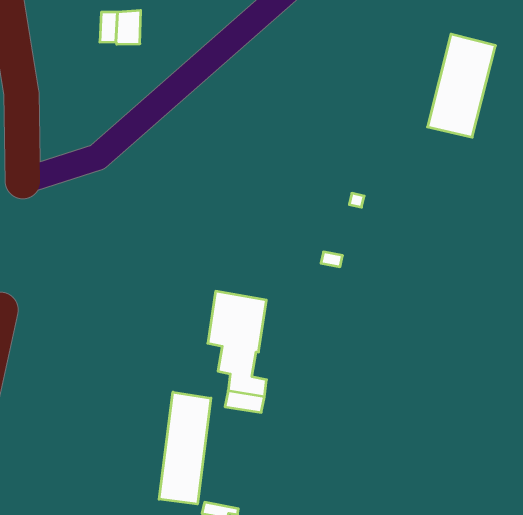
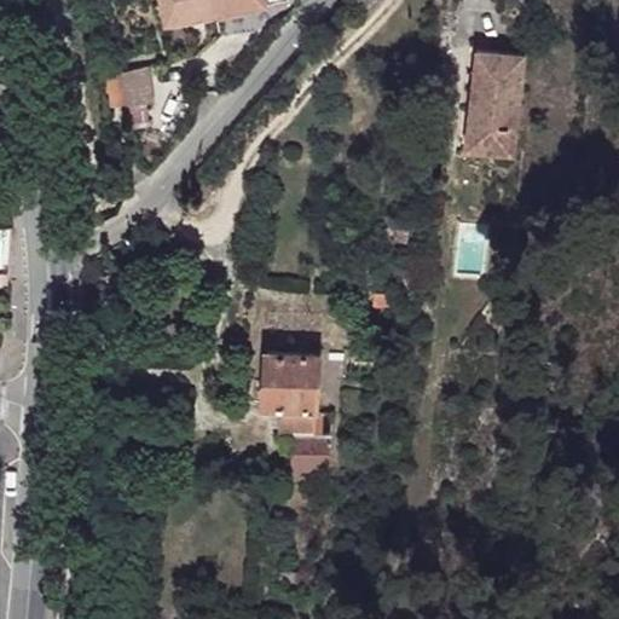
building: [159,392,211,504] -> none

